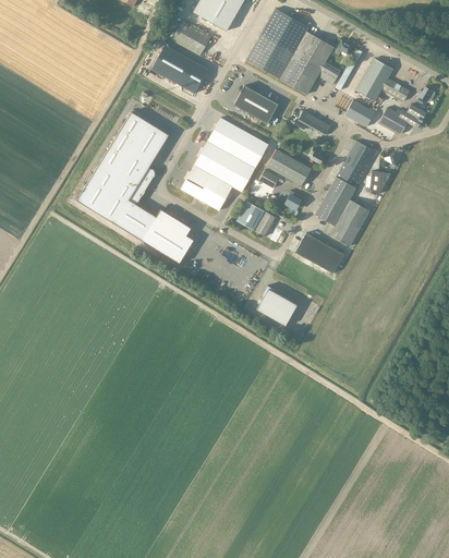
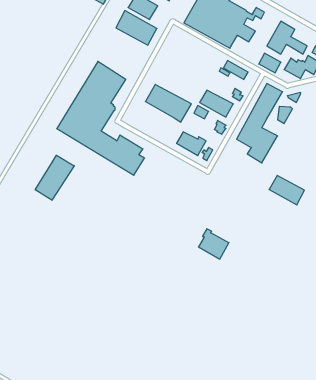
building: [238,85,279,123] -> none
building: [208,118,269,168] -> none
building: [181,165,233,210] -> none
building: [295,233,342,272] -> [269,175,304,205]
building: none -> [35,155,74,200]
building: [257,286,298,326] -> [198,229,229,259]

